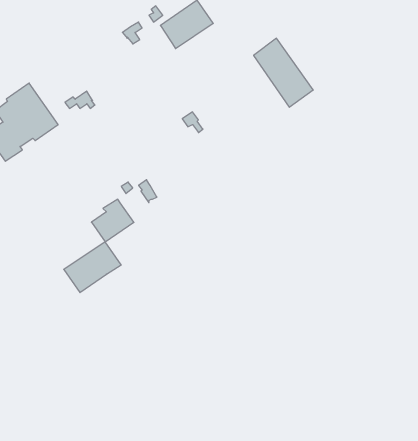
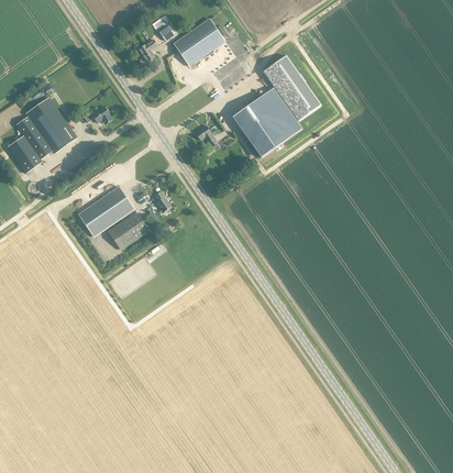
building: none -> [233,97,289,156]
building: [64,242,121,293] -> [78,187,133,235]

